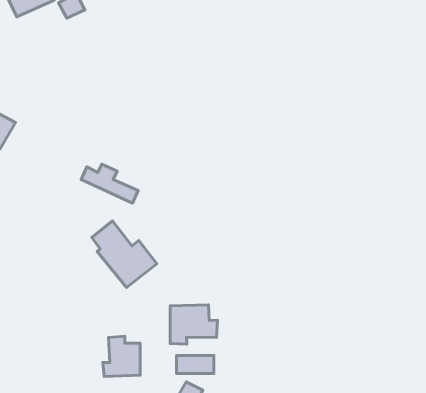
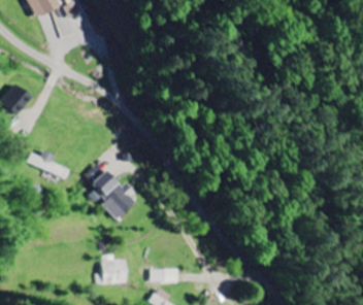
building: [81,164,138,203] -> [27,150,69,179]
building: [170,305,217,344] -> none

